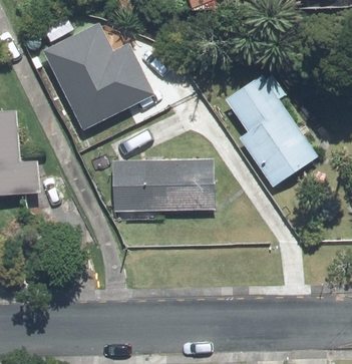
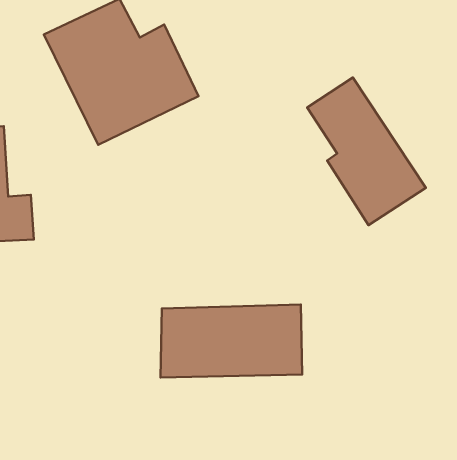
building: [112,158,212,210] -> [161,304,302,377]

